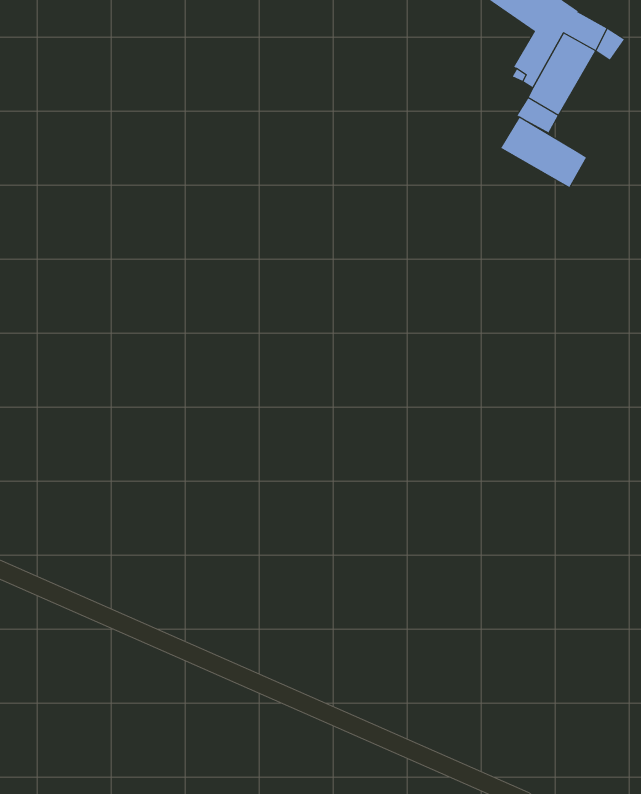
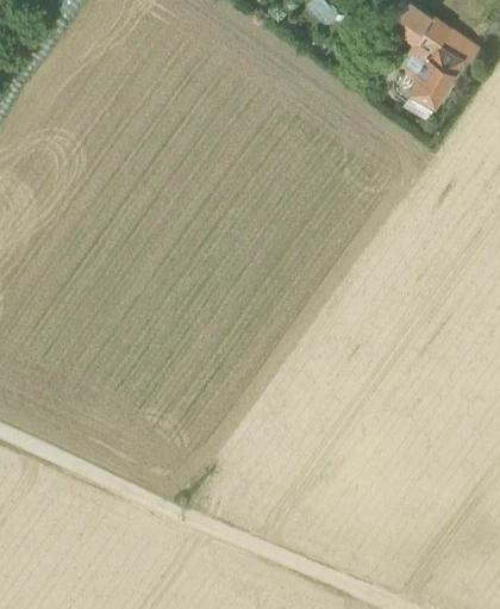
building: [501,117,587,188] -> none

